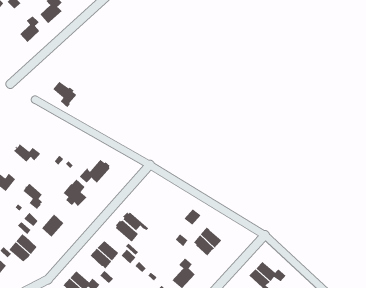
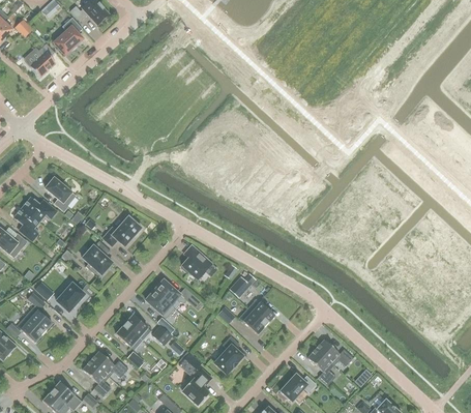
building: [52,81,77,108] -> [45,178,75,211]
building: [22,182,43,210] -> [13,207,38,240]
building: none -> [181,245,211,279]

